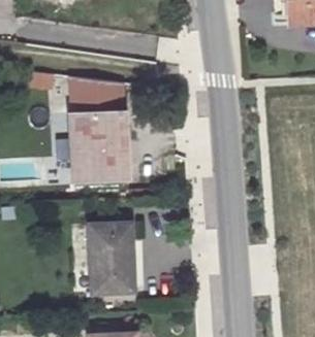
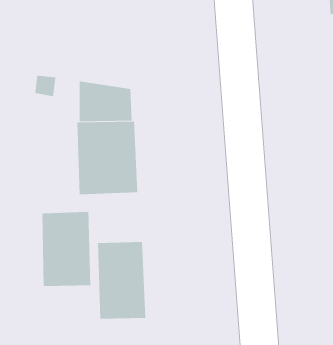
building: none -> [42,211,91,287]

